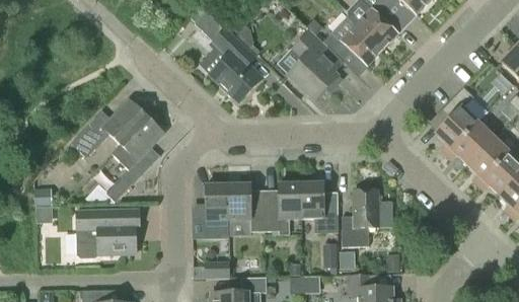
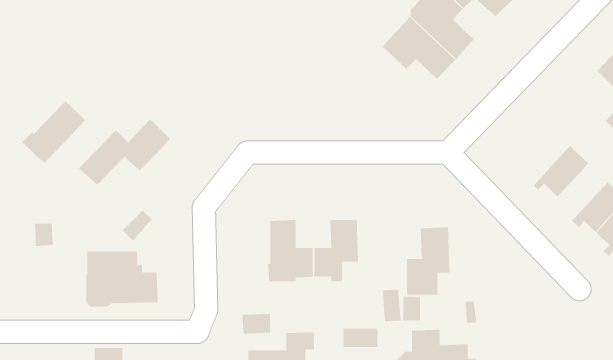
building: [195,9,263,101] -> none
building: [290,29,342,99] -> none
building: [436,86,478,155] -> none
building: [110,117,164,169] -> [21,101,86,164]
building: [468,137,510,184] -> none
building: [302,182,339,233] -> none
building: [205,184,229,235] -> none

